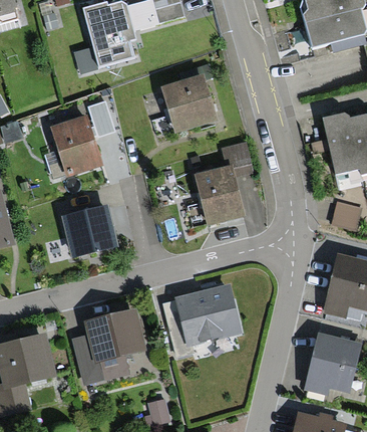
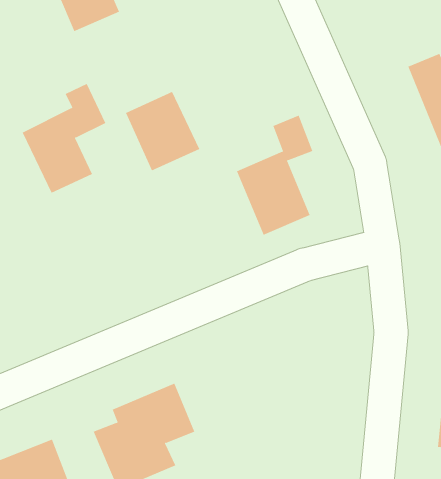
building: [167,76,215,129] -> [125,91,200,171]
building: [68,206,116,252] -> none
building: [170,287,238,347] -> none

